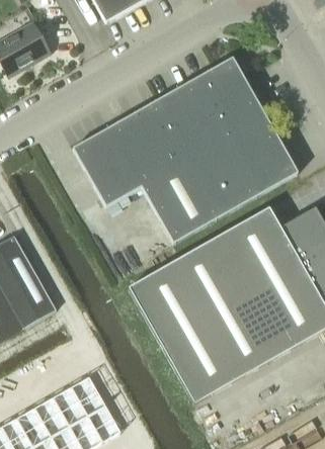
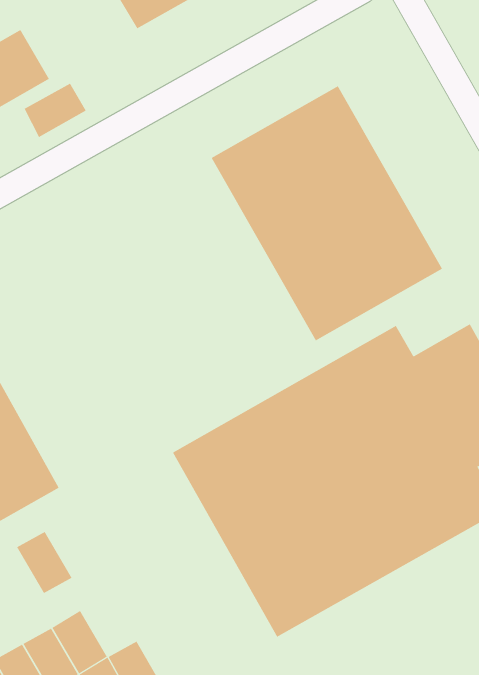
building: none -> [24,83,86,138]
building: [73,101,219,242] -> none
building: [71,375,106,415] -> [16,531,73,594]

